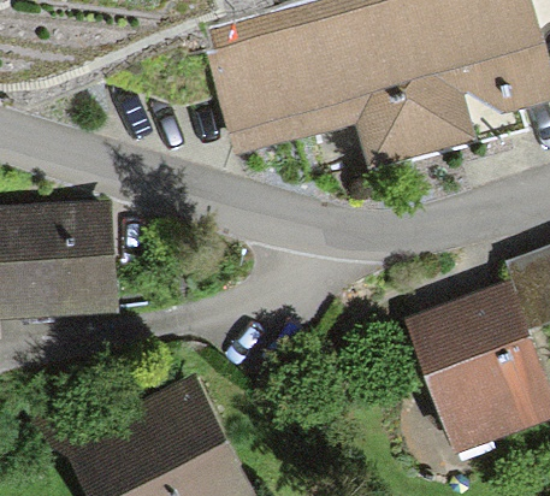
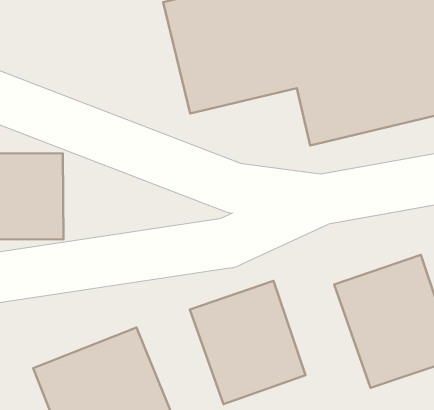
building: none -> [190,281,305,404]

